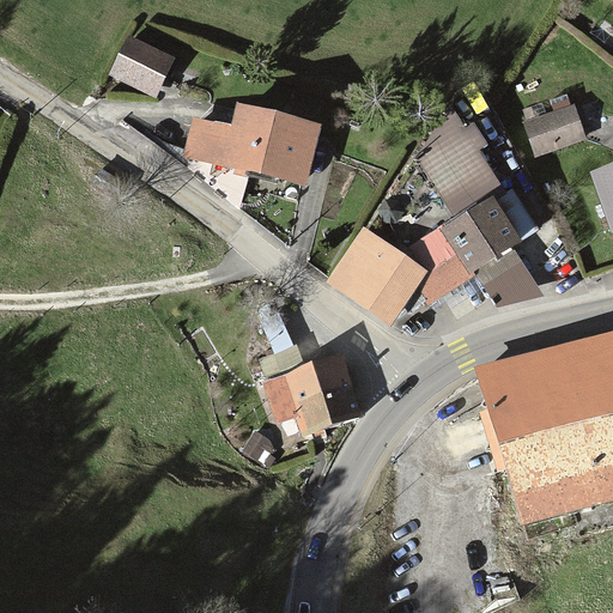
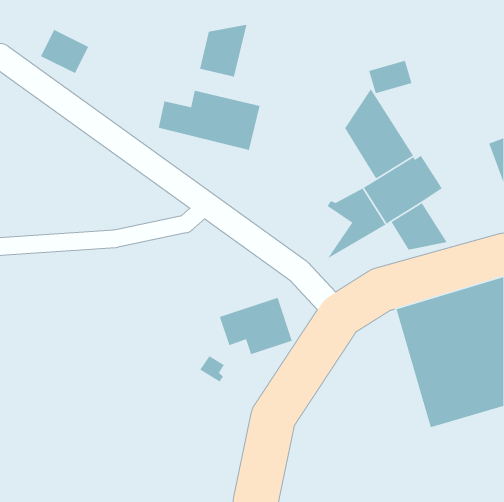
building: none -> [199,24,248,77]
building: [111,36,171,91] -> [40,29,89,74]
building: [527,107,581,148] -> [368,60,413,94]
building: [329,227,426,322] -> none

